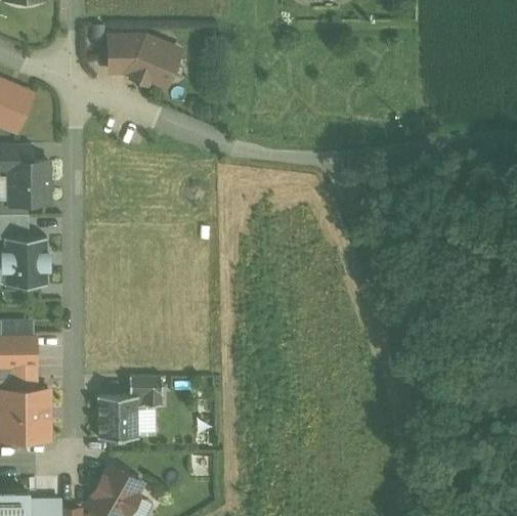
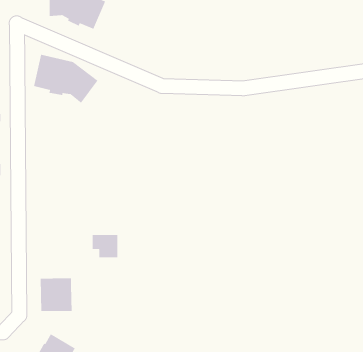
building: none -> [33,54,98,104]
building: [129,376,162,405] -> [92,234,118,258]

